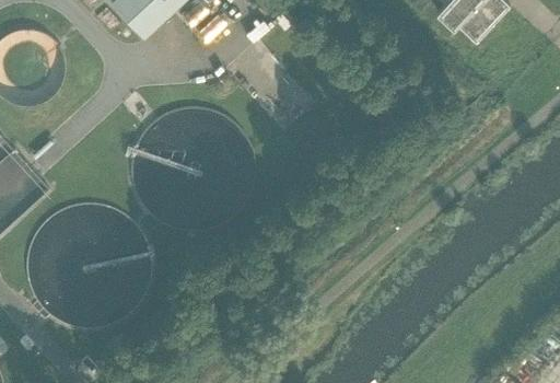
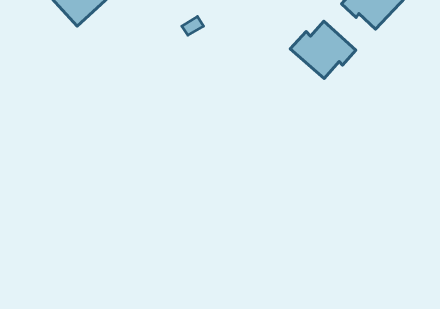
building: none -> [290,21,356,79]

